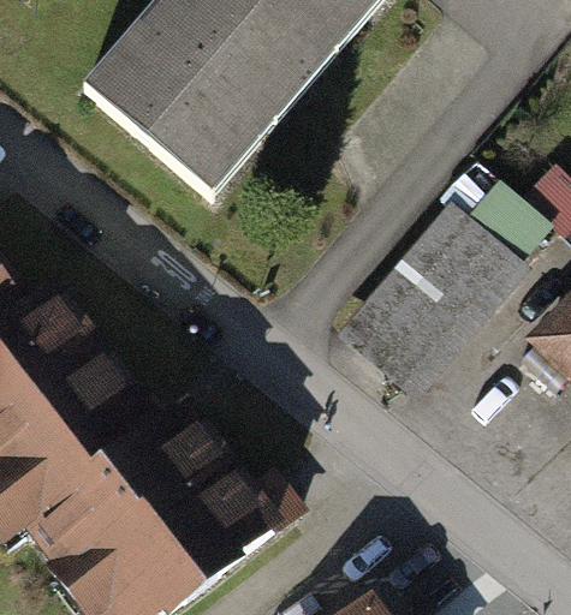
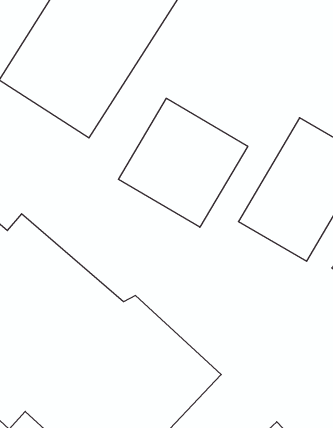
building: none -> [118,98,248,227]

